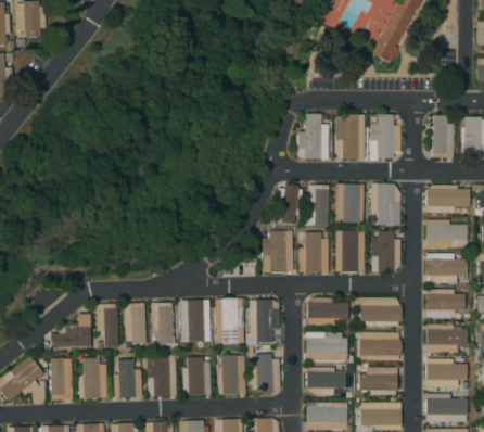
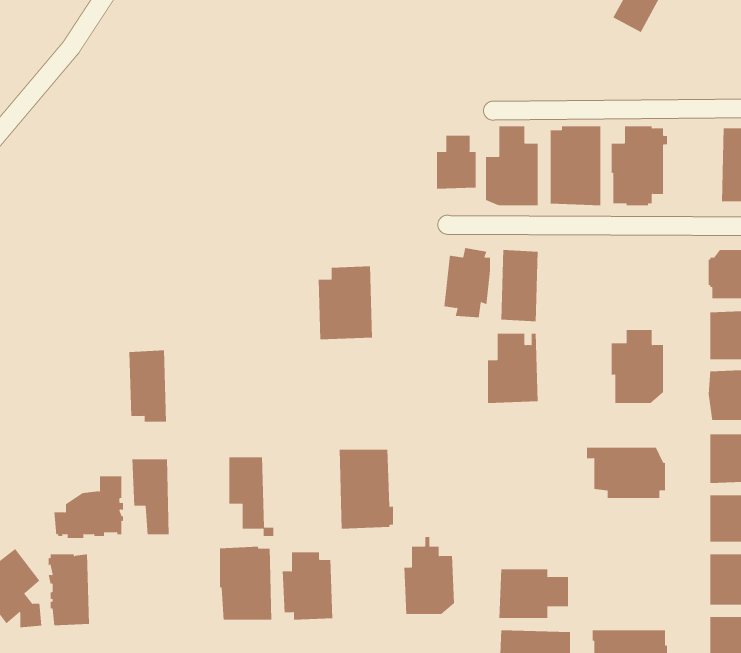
building: none -> [437,135,476,189]
building: [336,183,365,223] -> none
building: [370,183,402,225] -> none
building: [262,230,293,272] -> [318,266,373,340]
building: [336,230,365,272] -> none
building: [307,297,348,326] -> none
building: [179,300,209,343] -> none
building: [247,300,280,345] -> none
building: [124,303,145,344] -> [129,350,167,422]
building: [306,332,347,360] -> none
building: [357,332,402,360] -> none
building: [217,351,247,395] -> none
building: [79,357,107,399] -> none
building: [114,359,142,398] -> none
building: [359,367,398,395] -> none

